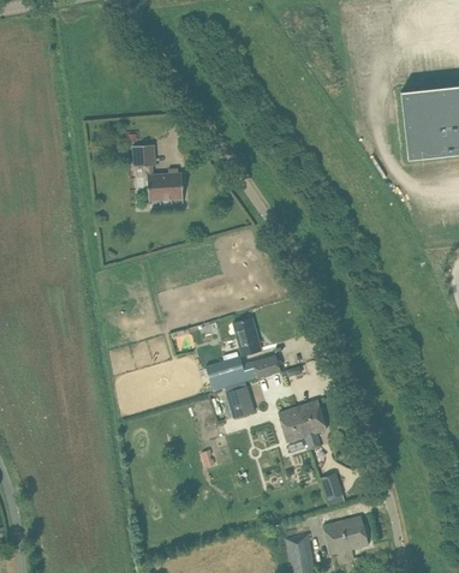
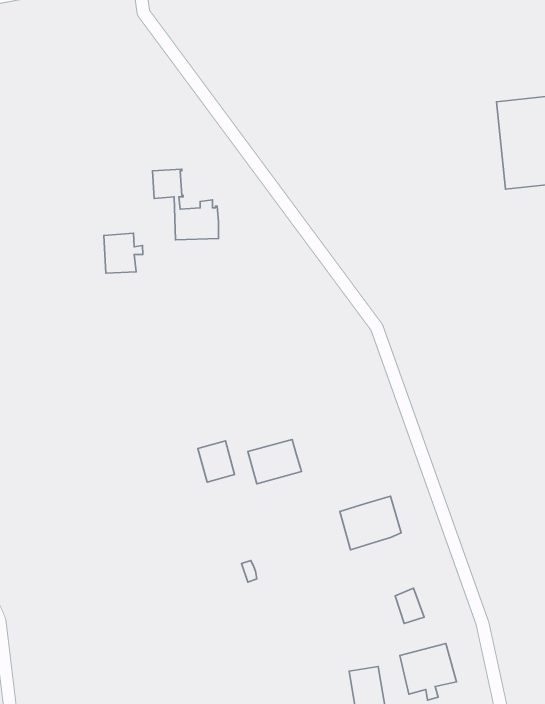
building: none -> [104,233,143,273]
building: [228,318,261,356] -> none
building: [243,354,281,381] -> none
building: [226,387,255,419] -> [198,441,235,482]

